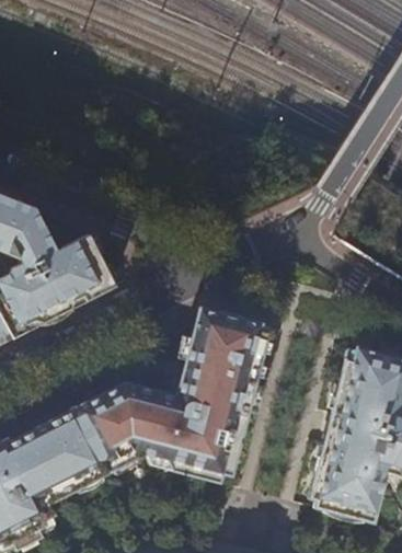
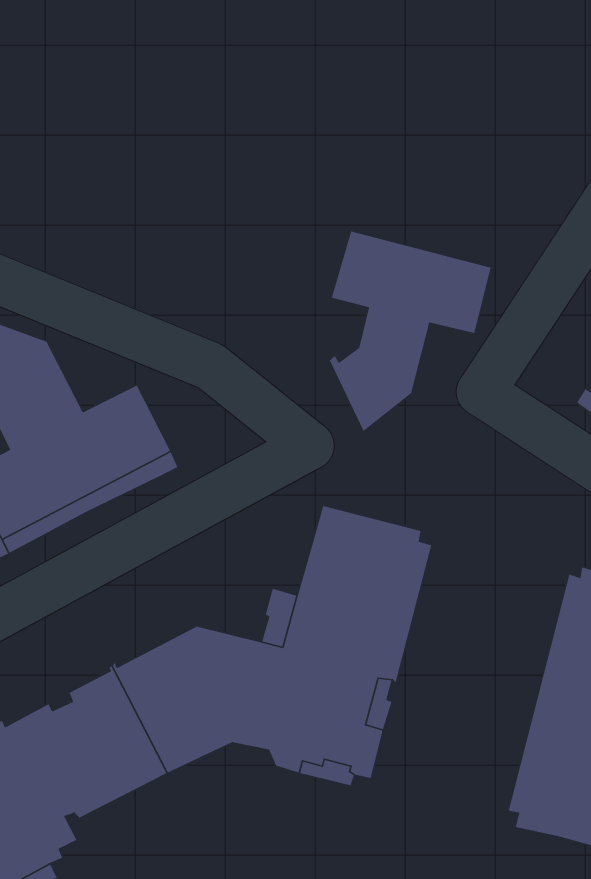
building: none -> [329,231,492,432]

